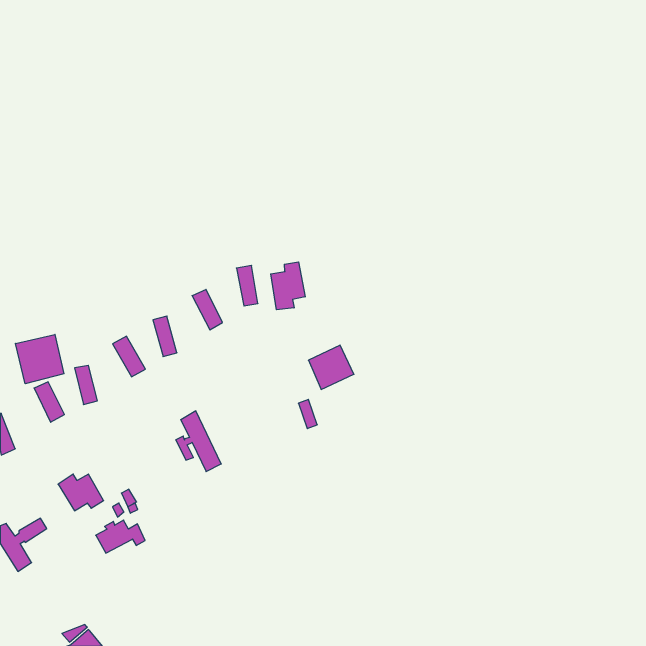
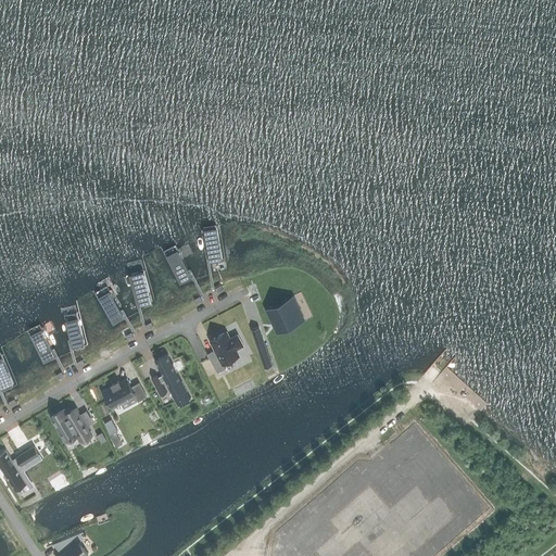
building: [271,262,305,310] -> none
building: [15,334,64,384] -> none
building: none -> [207,332,243,372]
building: [96,520,145,553] -> [106,386,149,414]

